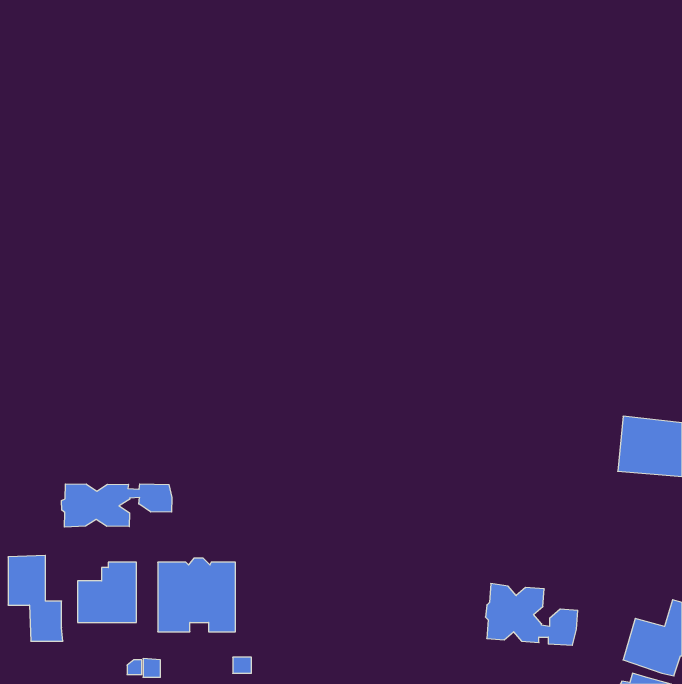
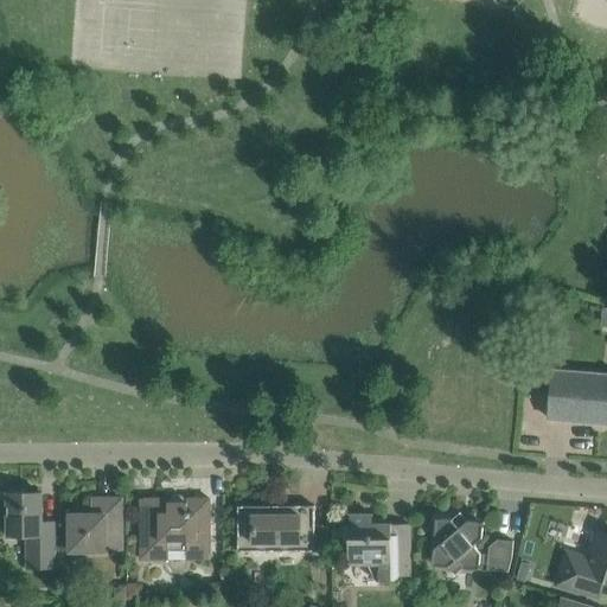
building: [62,484,172,527] -> none
building: none -> [237,505,314,551]
building: none -> [349,515,409,580]

